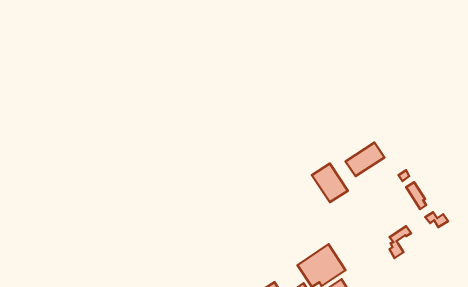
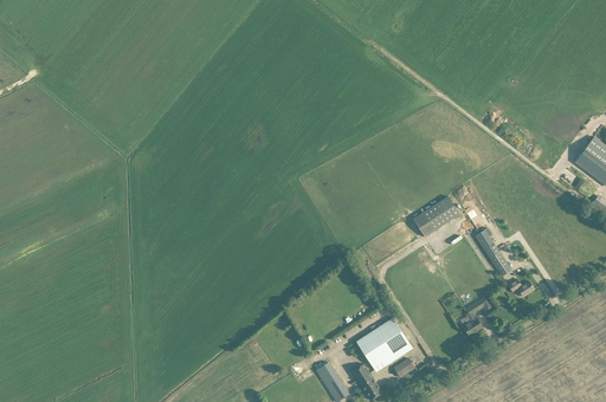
building: [312,164,348,202] -> none

